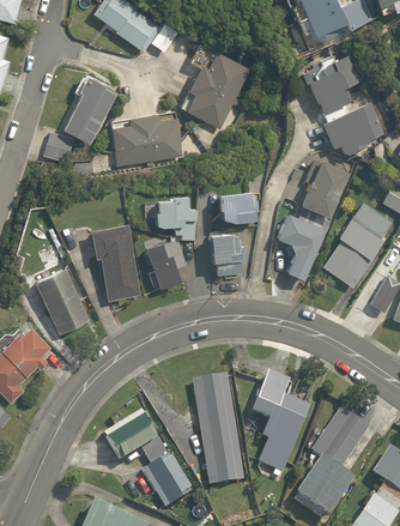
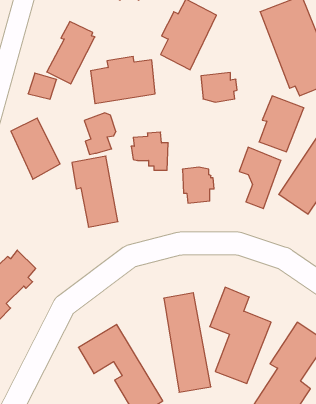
building: [223,192,262,224] -> [201,73,237,102]
building: [151,241,186,286] -> [84,113,116,154]
building: [38,267,92,334] -> [11,118,60,179]

